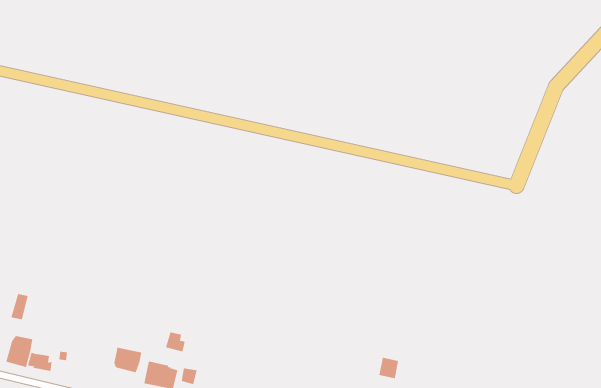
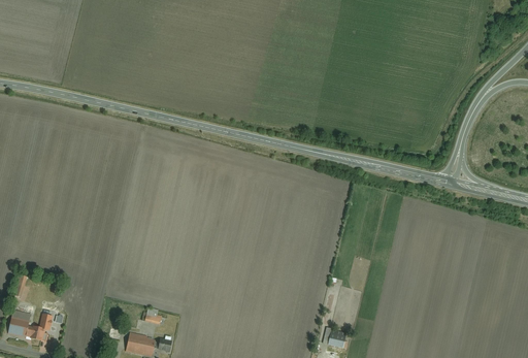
building: [114,347,143,373] -> none

